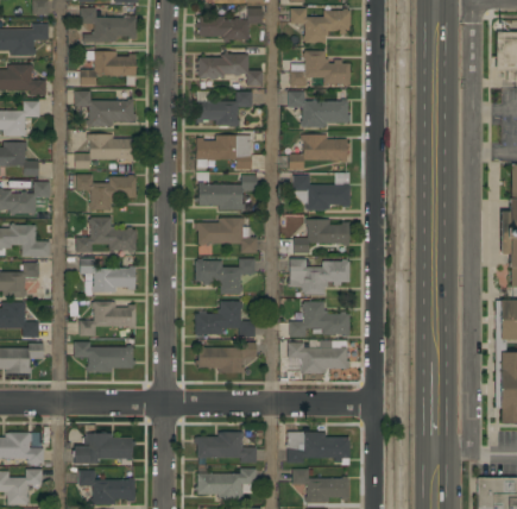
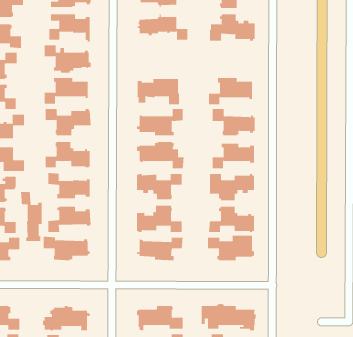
building: [195,92,252,128] -> none
building: [289,92,351,127] -> none
building: none -> [21,191,42,242]

